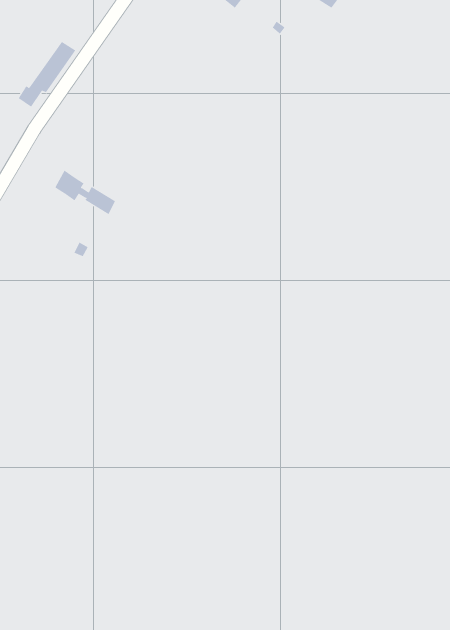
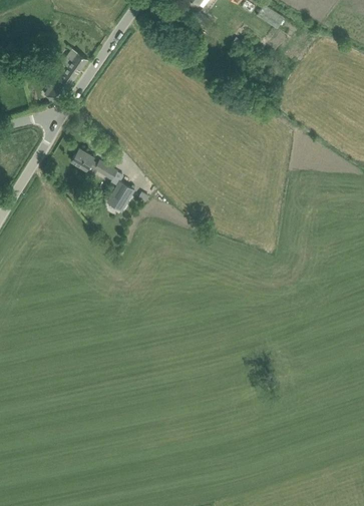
building: none -> [106,180,133,209]

